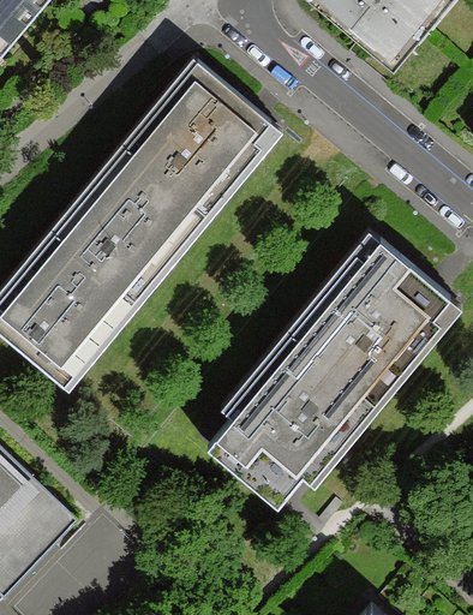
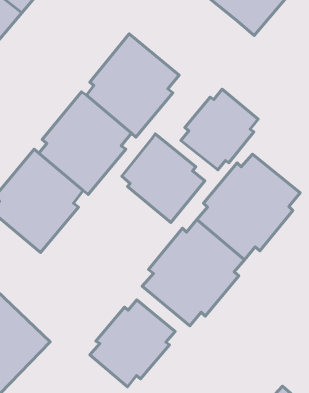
building: none -> [181,89,258,170]
building: none -> [122,134,205,222]
building: none -> [90,300,175,387]

